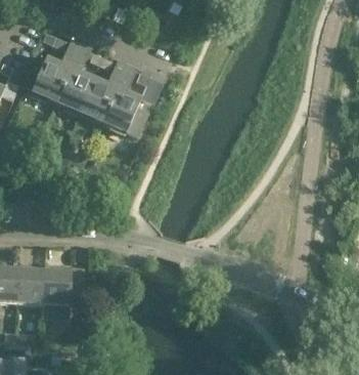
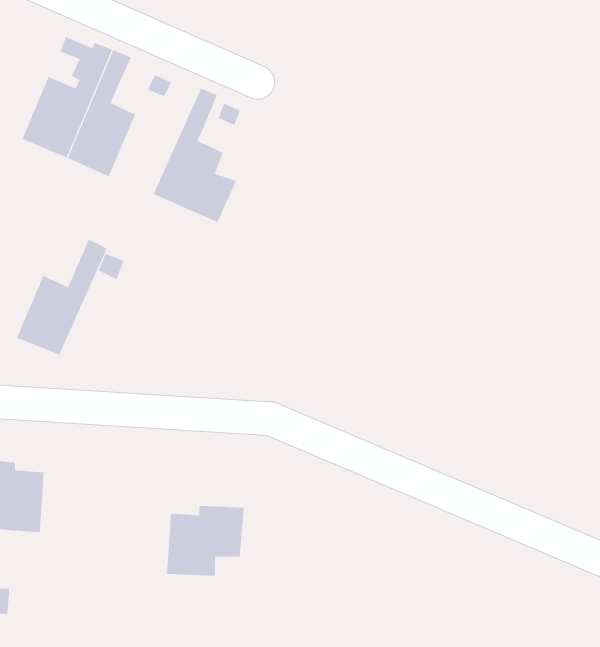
building: [76,59,125,122] -> [16,239,107,355]
building: [39,267,81,305] -> [166,506,244,576]

